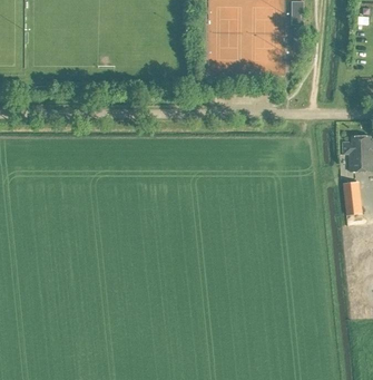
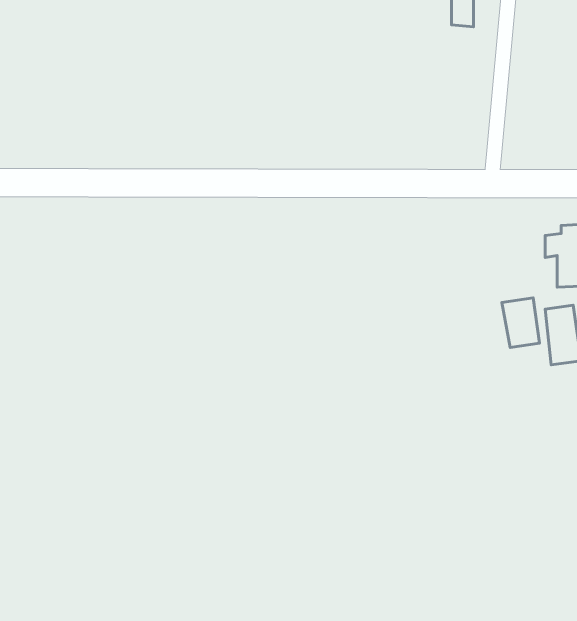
building: none -> [502,298,540,347]

